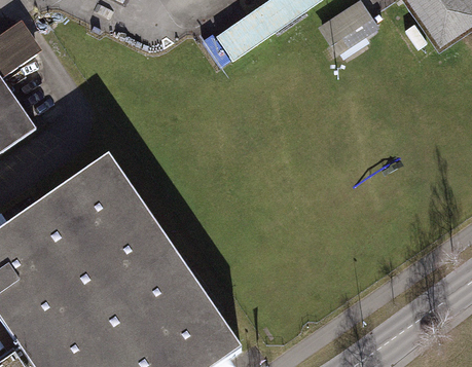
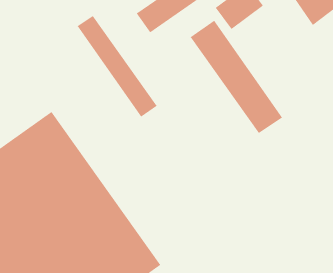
building: none -> [77,15,157,118]
building: none -> [190,20,283,134]

